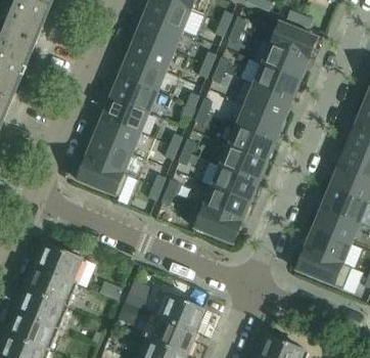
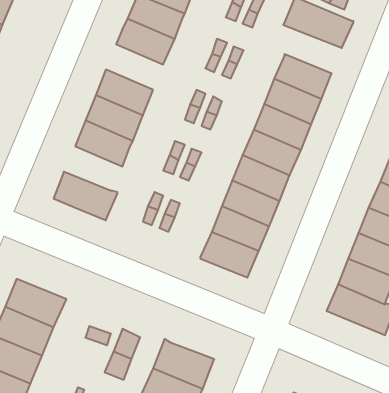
building: [251,40,307,79] -> none
building: [118,55,164,92] -> none
building: [84,137,131,173] -> none

